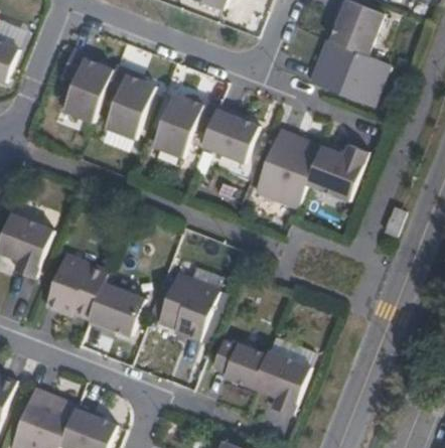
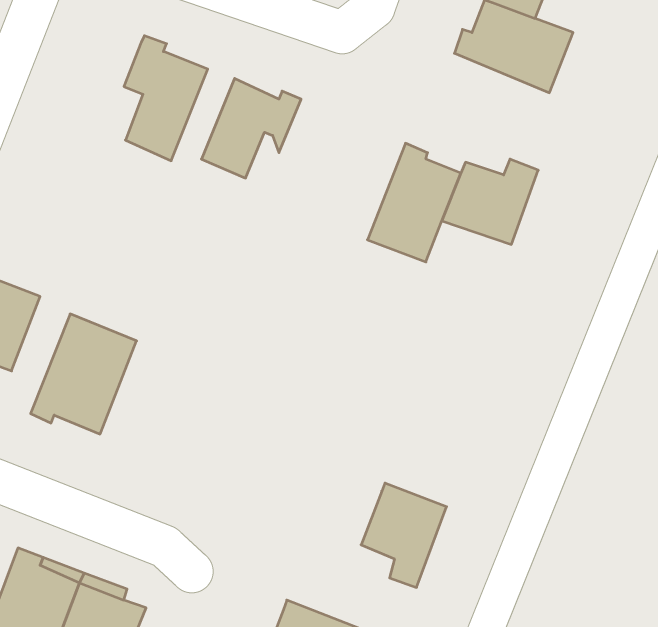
building: [63,47,114,121] -> none
building: [199,105,256,162] -> none
building: [154,267,208,342] -> none
building: [86,277,143,333] -> none
building: [210,342,267,389] -> none

